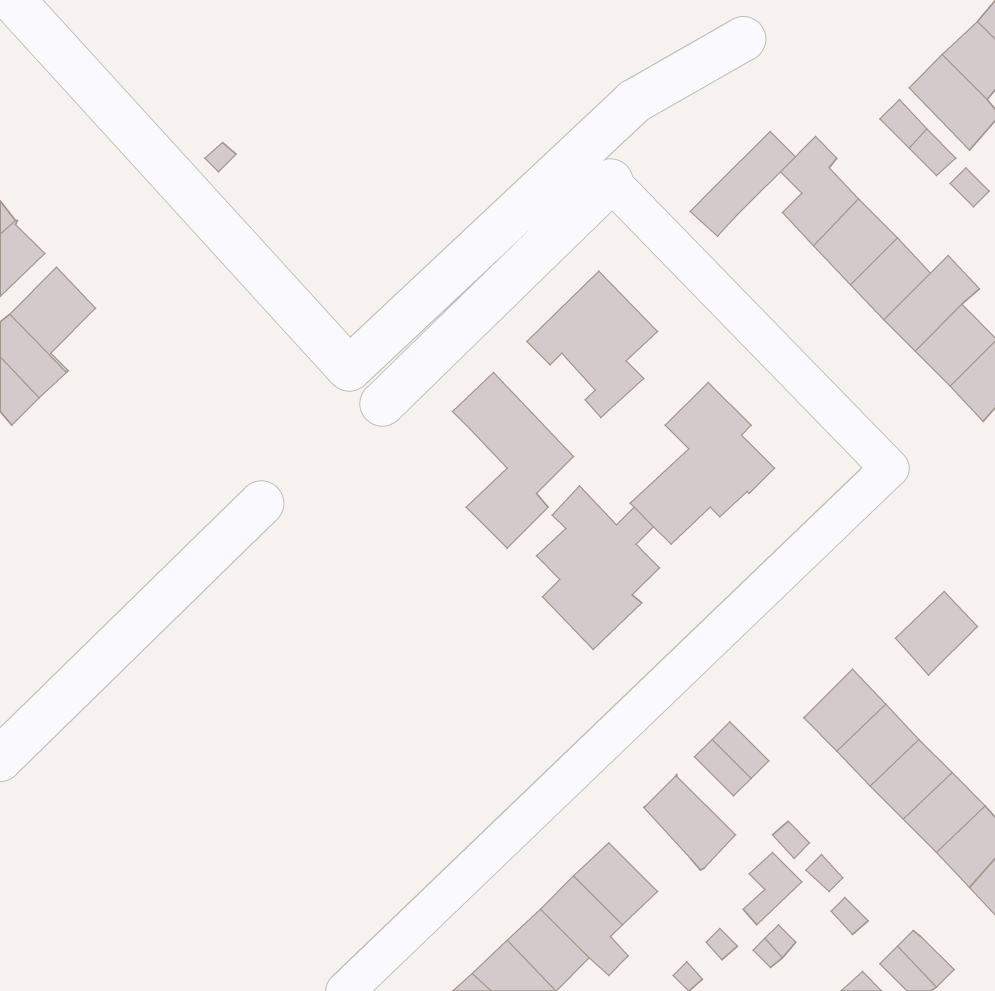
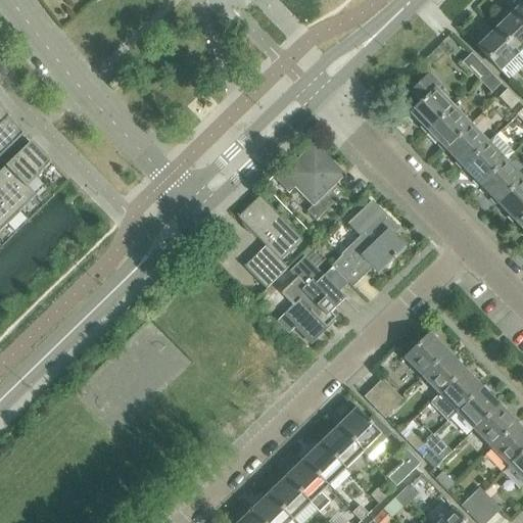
building: [690,131,795,236] -> none
building: [895,591,977,675] -> [405,332,447,376]
building: none -> [320,423,363,467]

